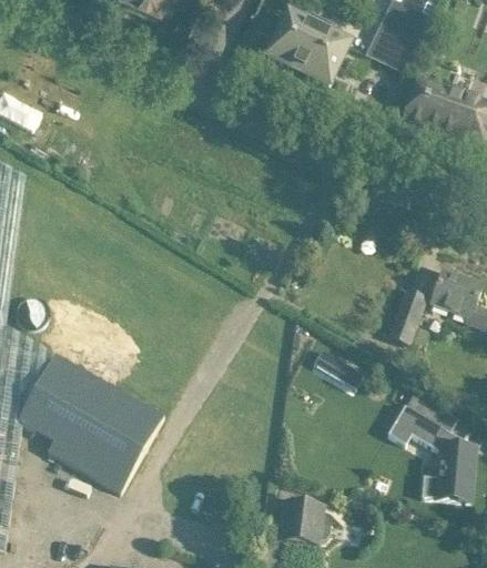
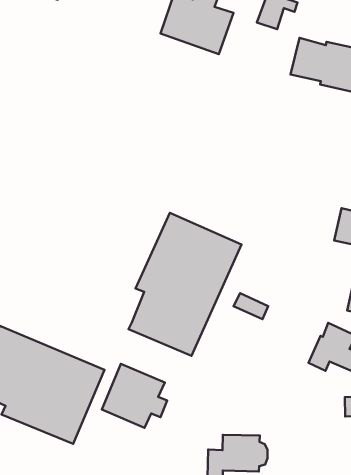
building: none -> [129,213,241,356]
building: [386,291,424,344] -> none
building: none -> [102,364,167,428]

